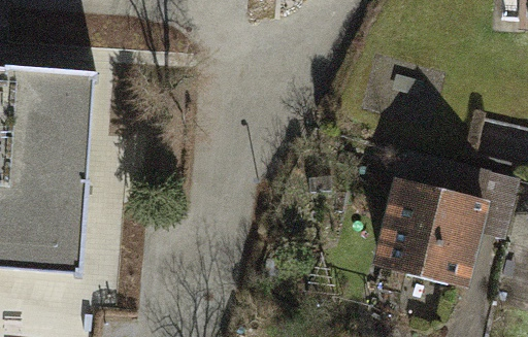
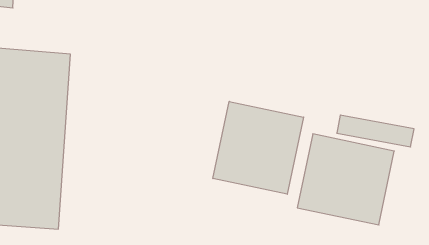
building: none -> [213,101,304,194]

